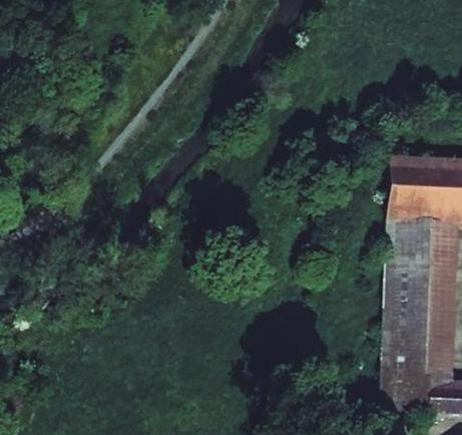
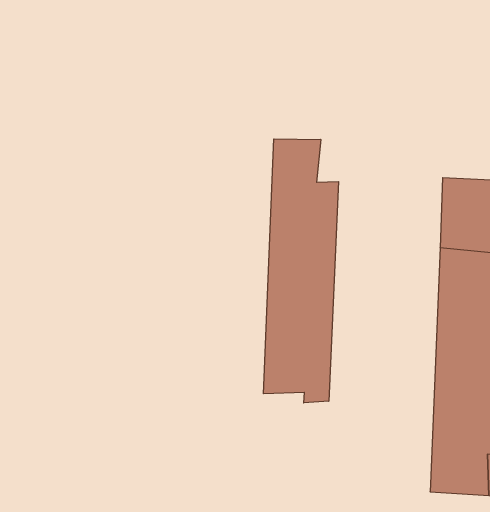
building: none -> [264,139,339,403]

